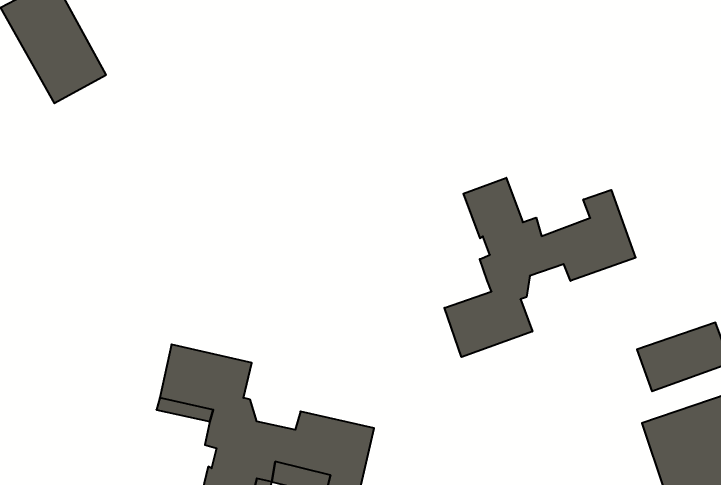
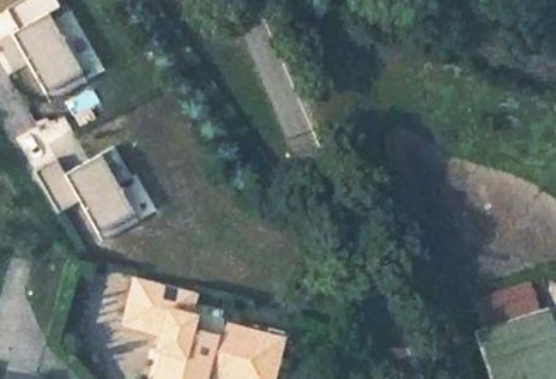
building: none -> [36,155,140,243]
building: [444,178,636,357] -> none

